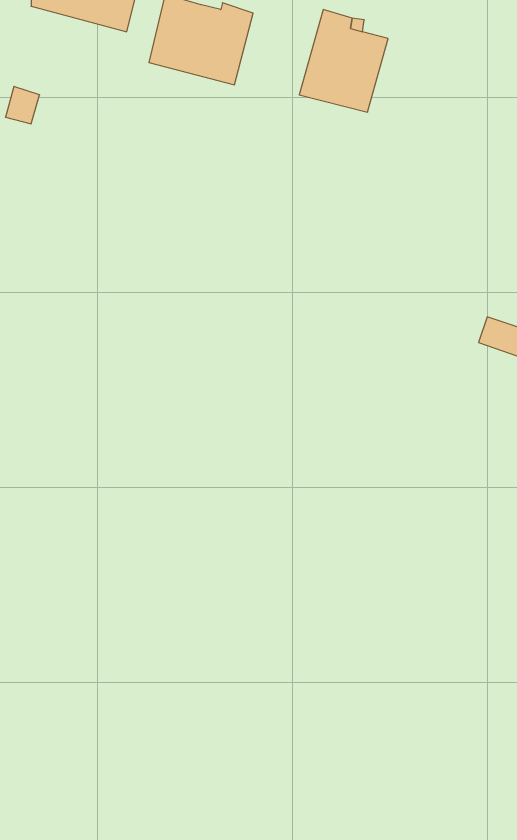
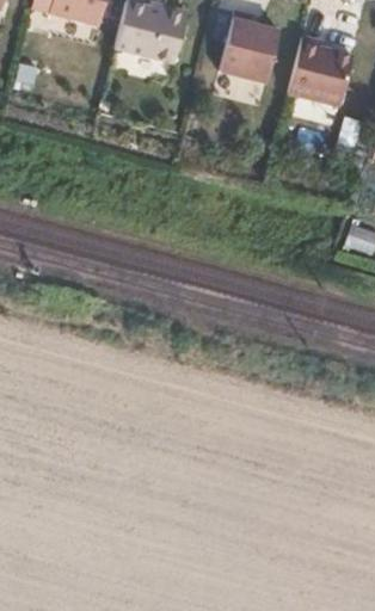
building: none -> [288,33,354,104]

